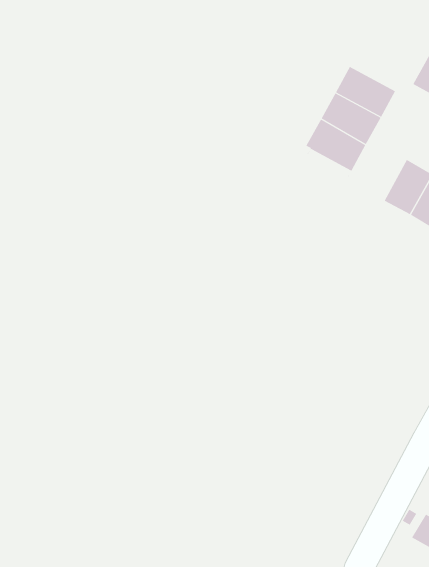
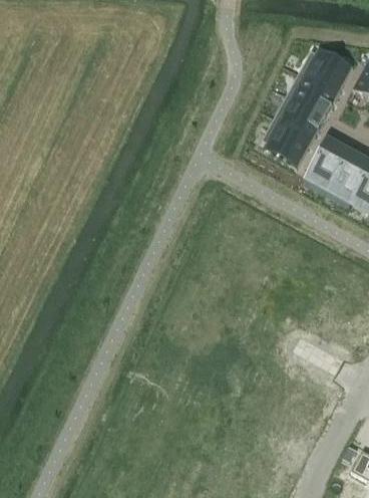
building: none -> [299,46,353,93]
building: none -> [305,138,347,186]

